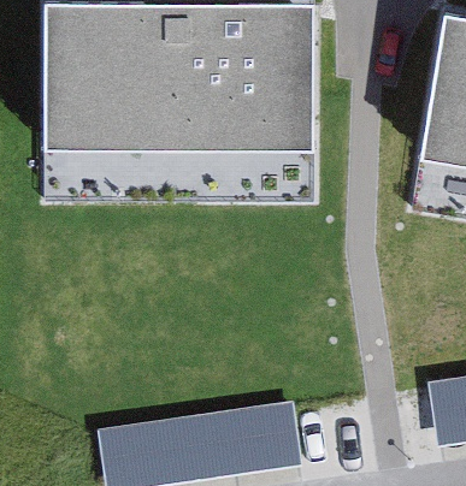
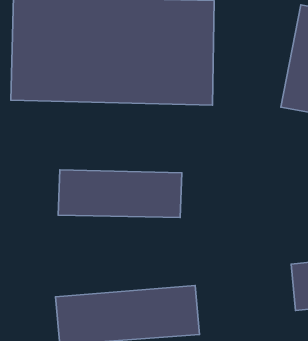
building: none -> [58,170,182,218]

